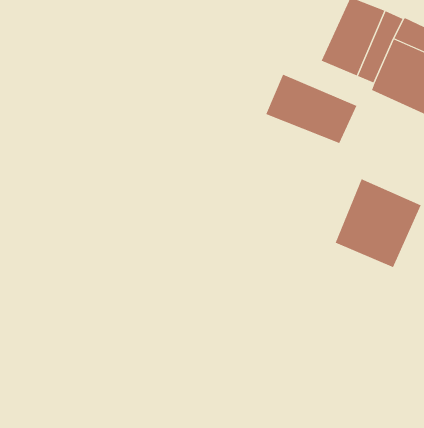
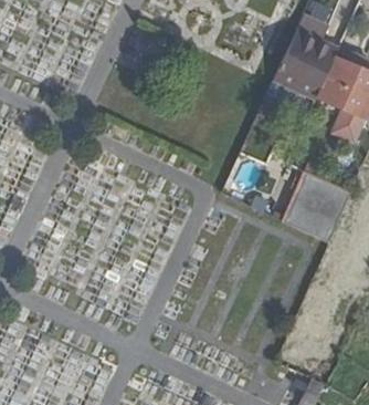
building: [265,74,357,144] -> none

